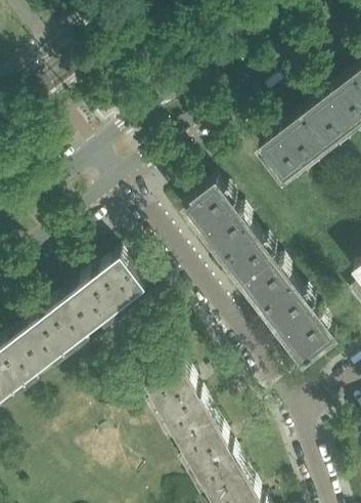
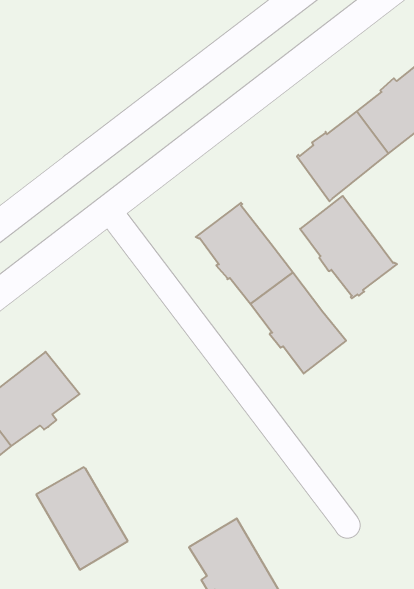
building: [69,258,143,329] -> none
building: [262,289,334,366] -> [300,196,397,298]
building: [143,367,212,444] -> [36,467,128,570]

